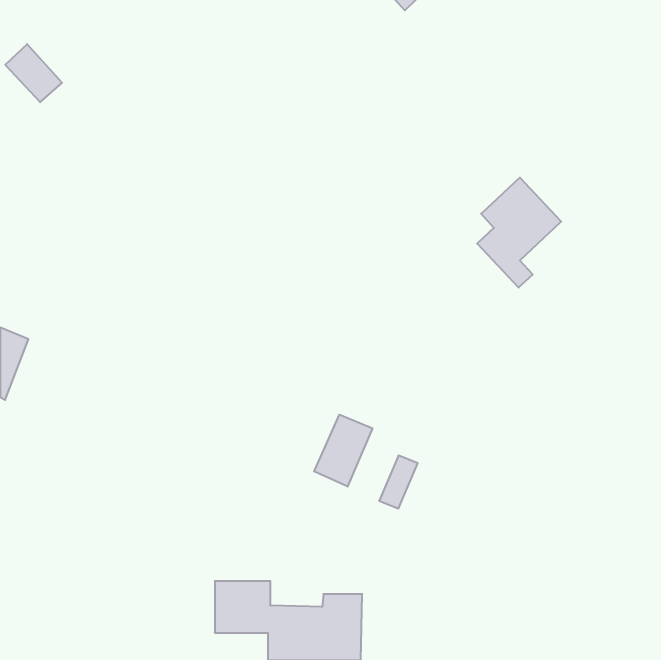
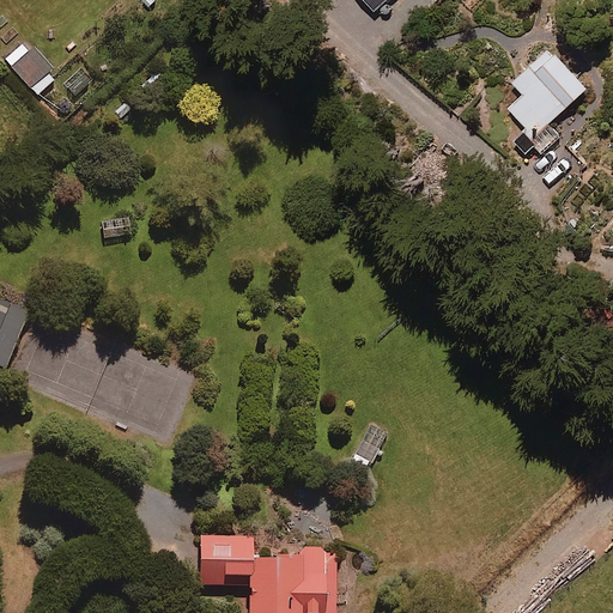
building: [477,178,561,288] -> [509,47,587,148]
building: [314,415,372,487] -> none

